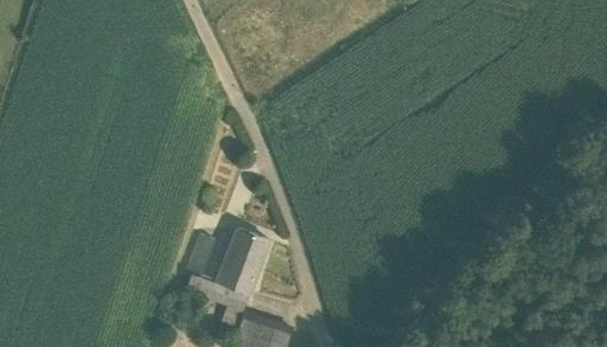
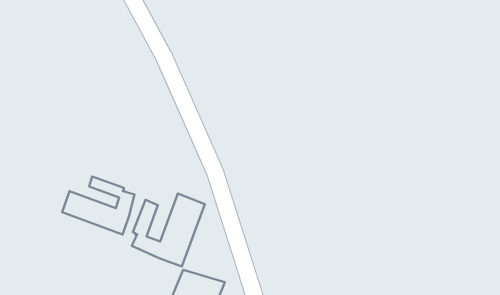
building: none -> [62,177,135,234]

